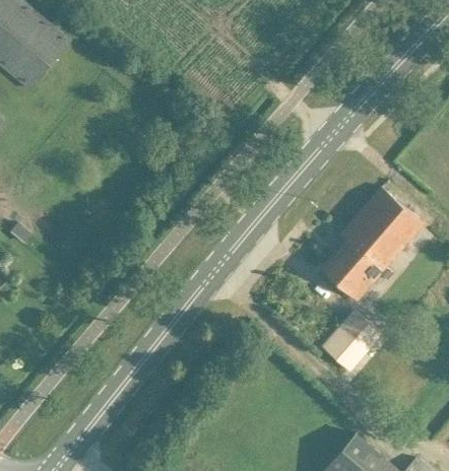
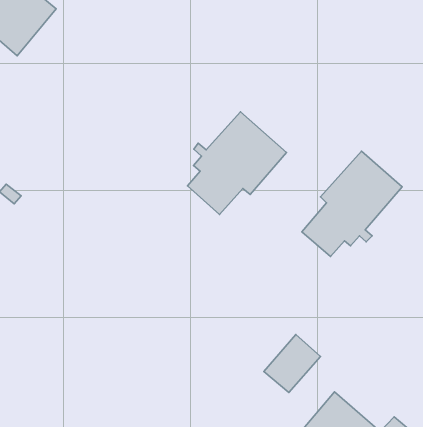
building: none -> [187,112,287,214]
building: [323,311,381,369] -> [264,335,321,392]

